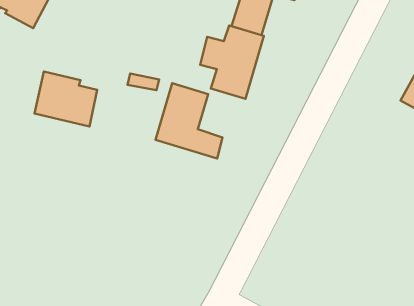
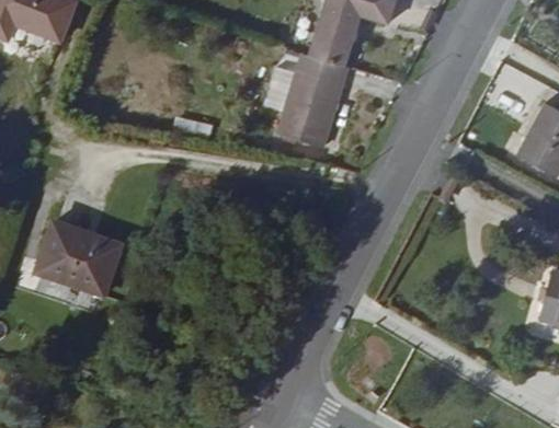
building: [34,72,97,127] -> [36,225,115,294]
building: [156,83,223,159] -> none

